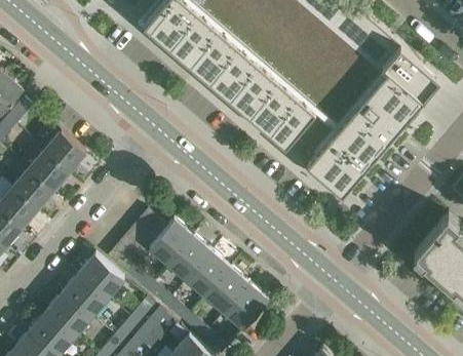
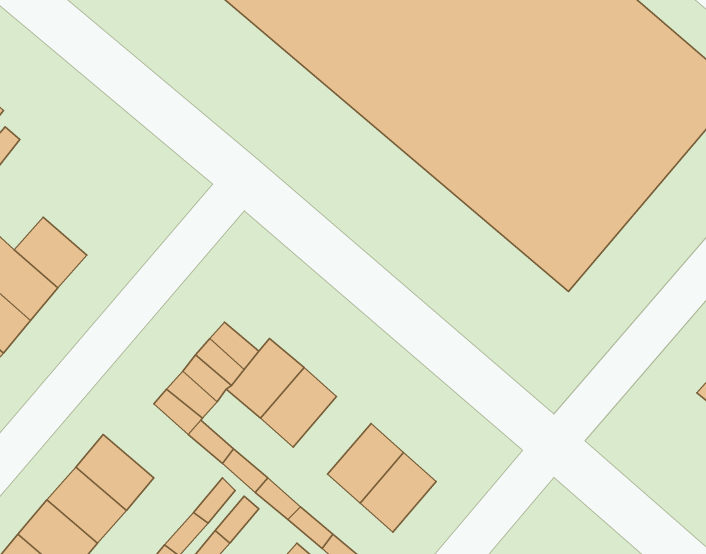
building: [43,133,84,174] -> none
building: [185,254,229,299] -> none
building: [77,256,122,301] -> none

